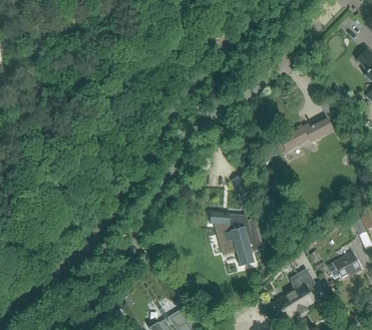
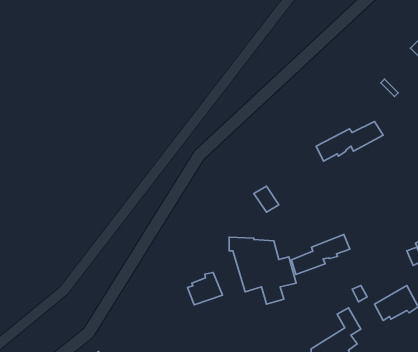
building: none -> [292,234,350,275]
building: none -> [187,272,222,305]

